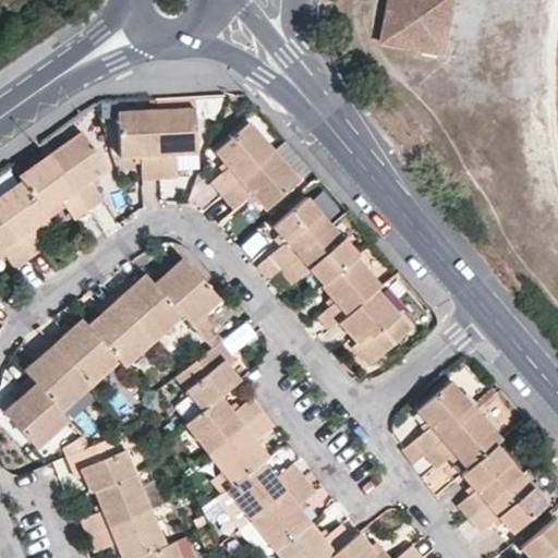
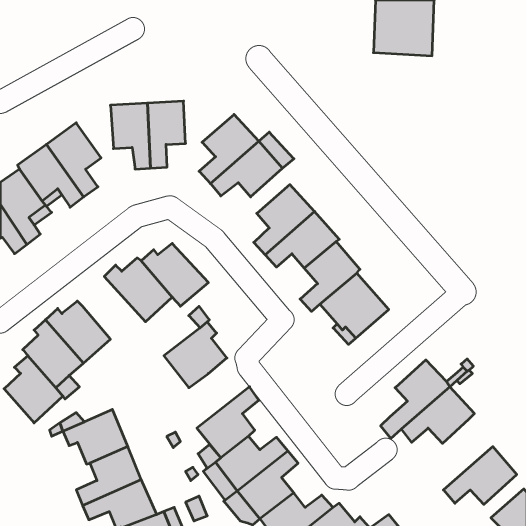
building: [88,293,155,367] -> none
building: [185,396,265,453] -> none
building: [458,444,522,519] -> none

